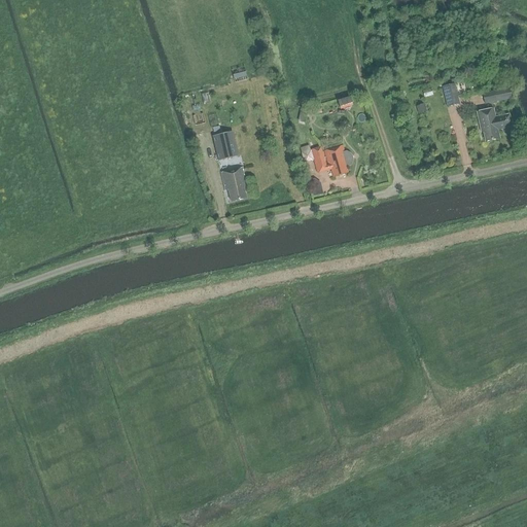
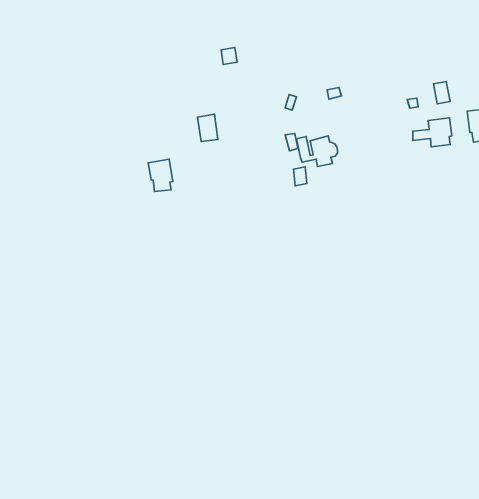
building: none -> [413,118,452,147]
building: [221,167,247,200] -> [148,159,173,192]

